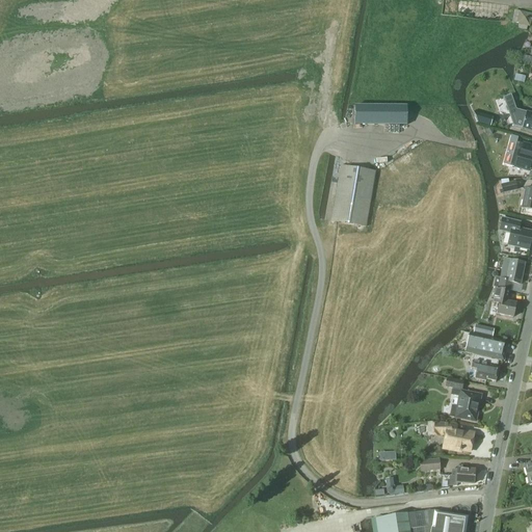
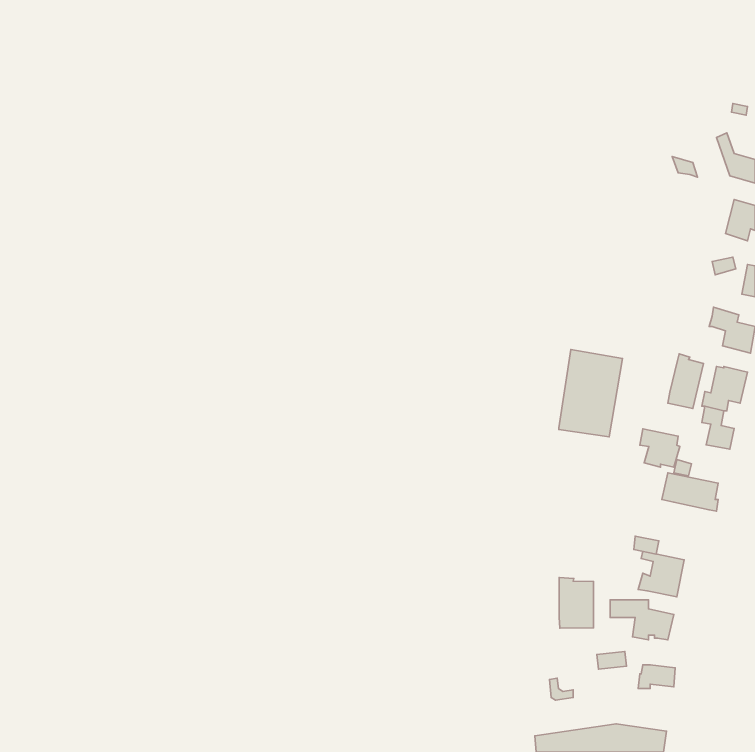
building: [355,104,407,124] -> none
building: [331,164,376,225] -> [559,350,622,437]
building: none -> [668,354,703,409]
building: [472,353,500,380] -> [640,429,680,467]
building: none -> [559,578,593,628]

